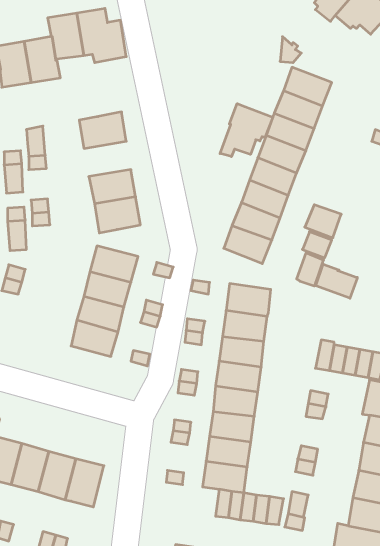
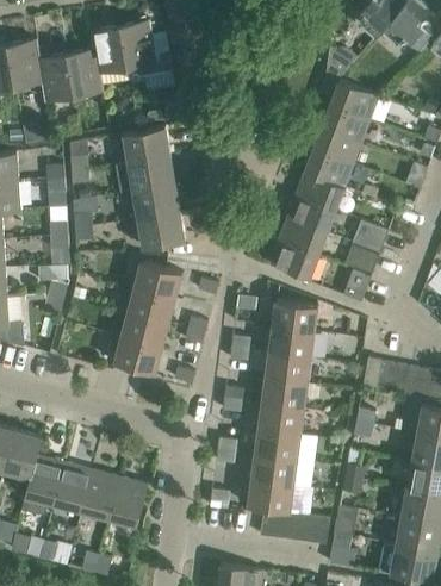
building: [220,104,273,157] -> none
building: none -> [128,156,175,192]
building: [316,264,357,298] -> none

